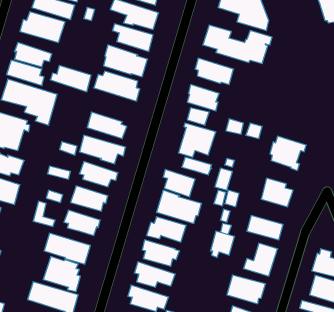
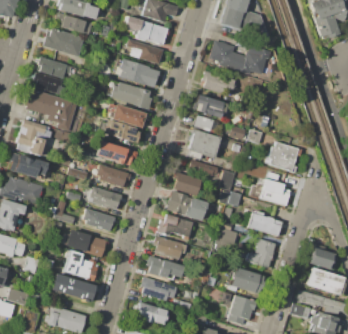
building: [50,65,91,92] -> [108,104,145,128]

